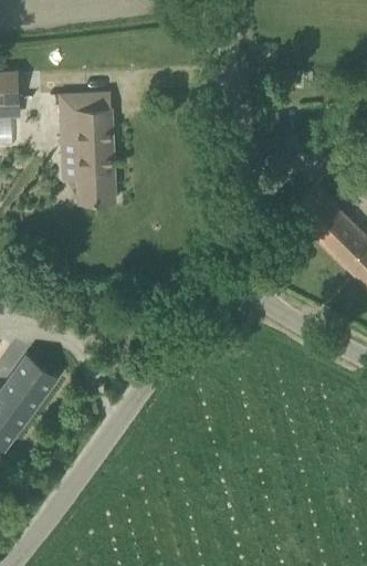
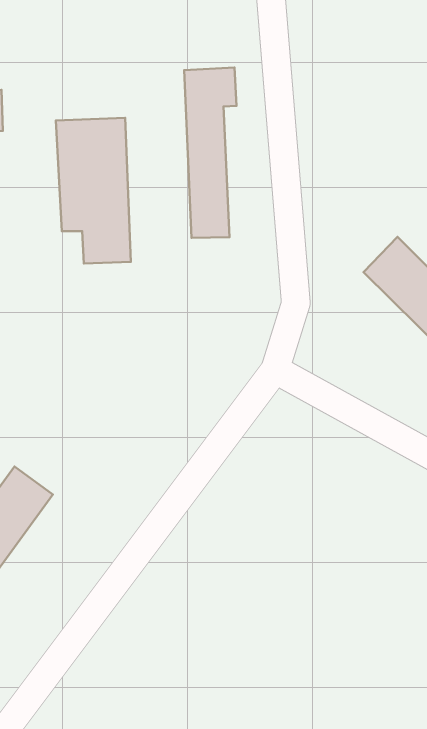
building: none -> [184,67,236,238]

